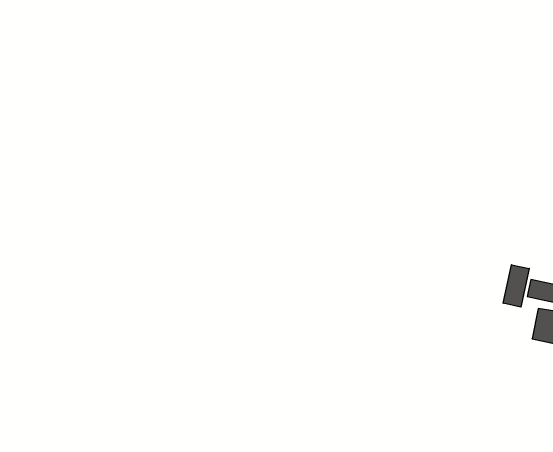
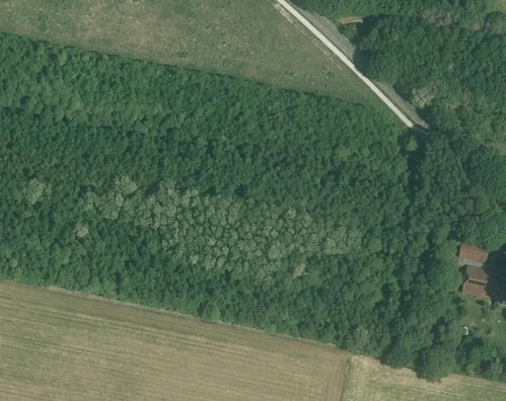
building: [503,265,529,307] -> none

